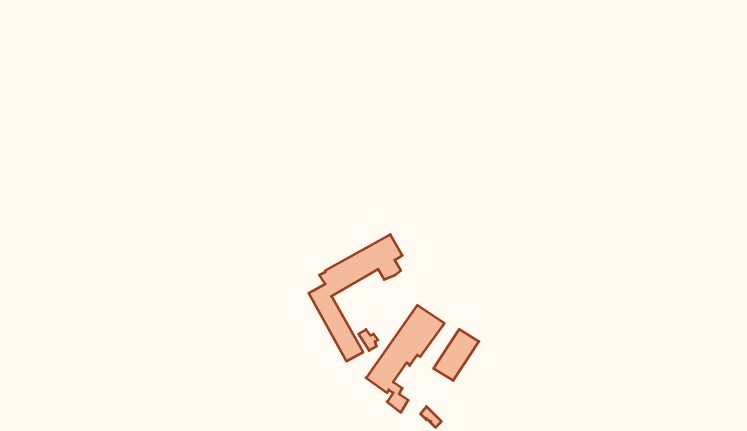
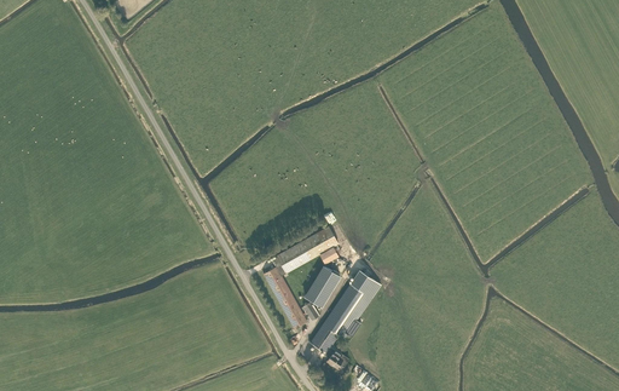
building: [434,329,479,381] -> [305,265,341,306]

